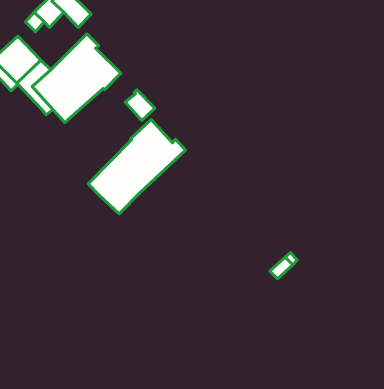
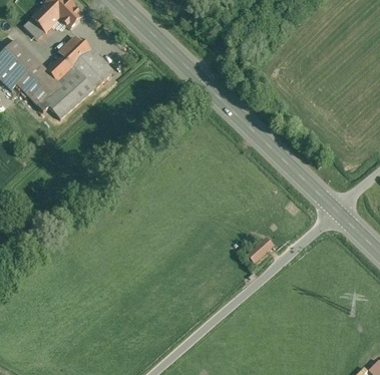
building: [125,90,155,121] -> none
building: [88,120,185,214] -> none

